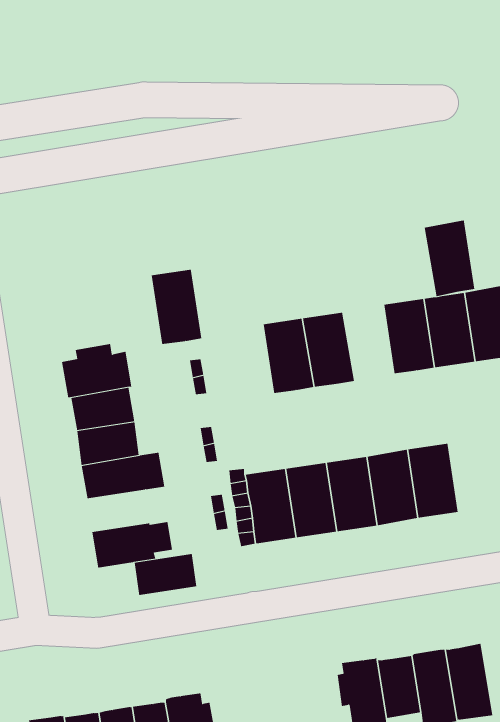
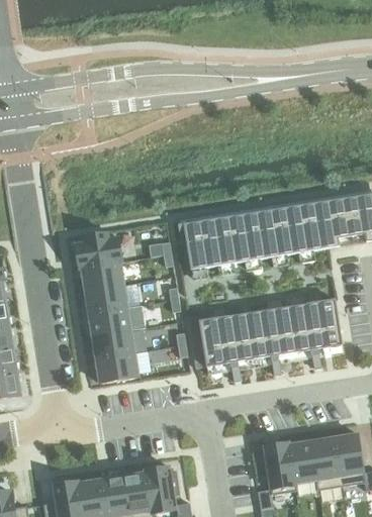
building: [424,220,475,297] -> [264,205,298,256]
building: [151,269,202,344] -> [183,218,217,269]
building: [134,553,197,596] -> [92,329,134,357]

